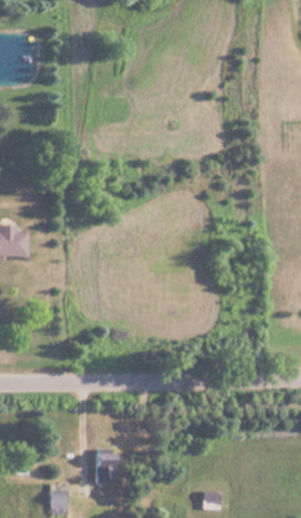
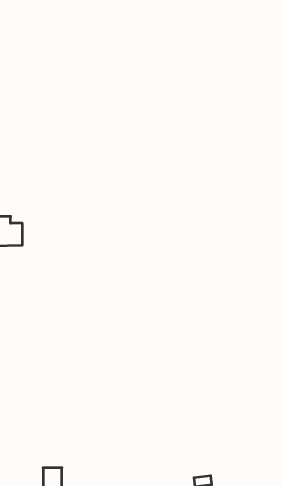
building: [96,451,117,481] -> none

